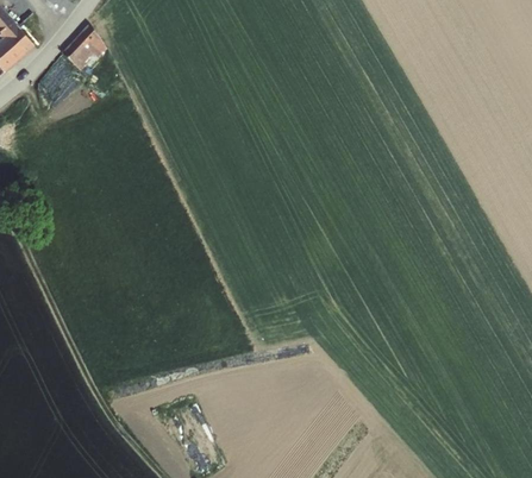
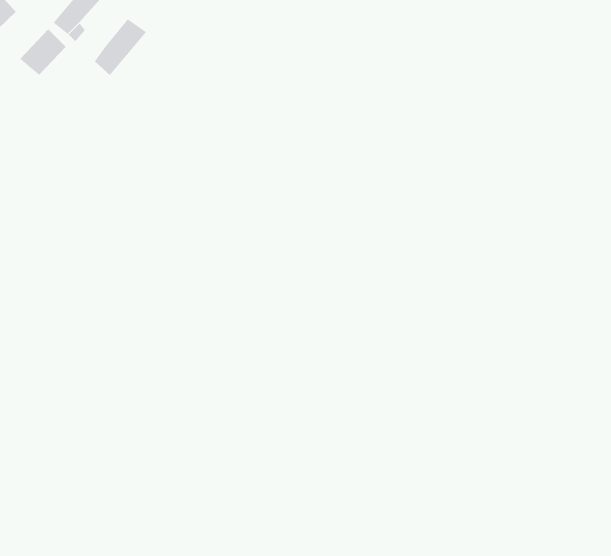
building: none -> [94,18,147,76]

